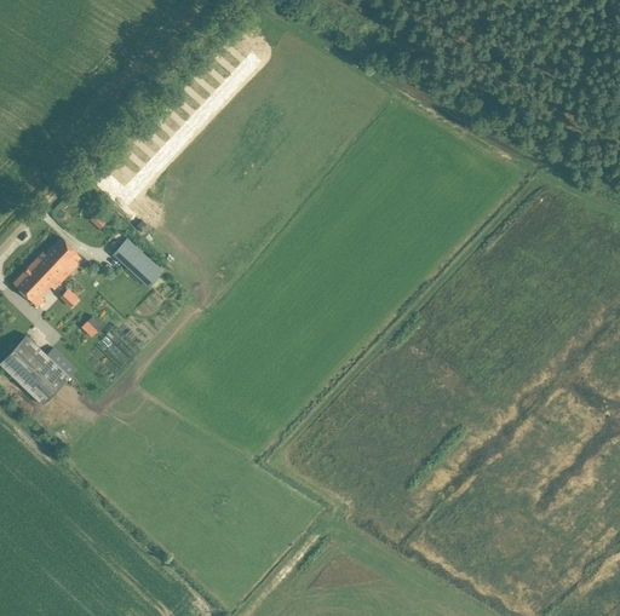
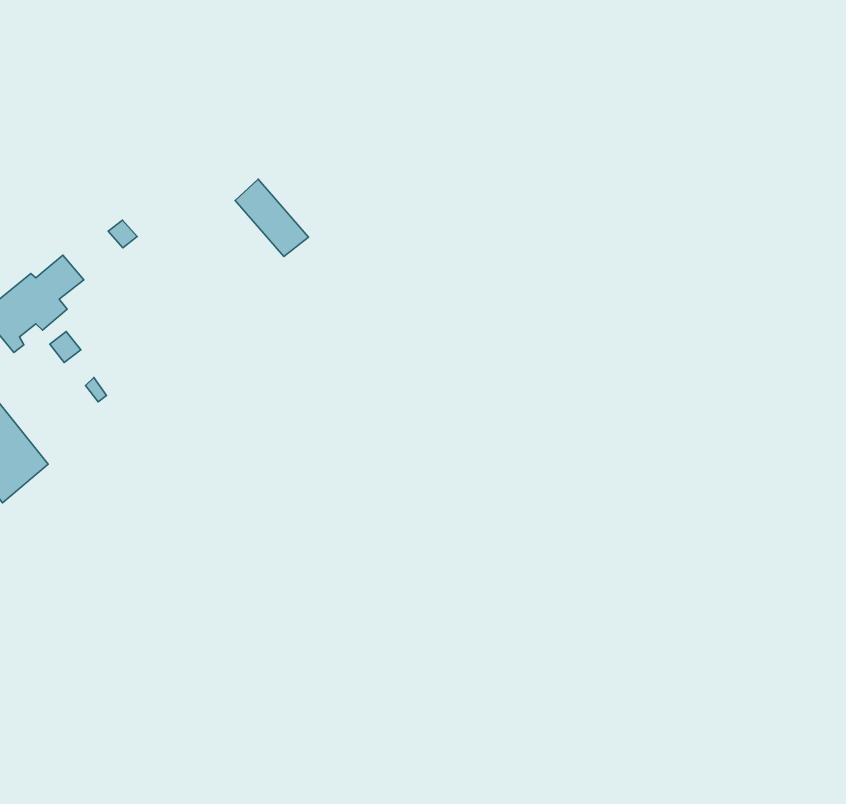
building: [113,238,163,287] -> [235,179,308,256]

